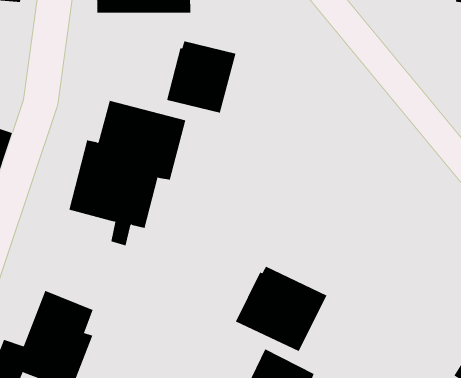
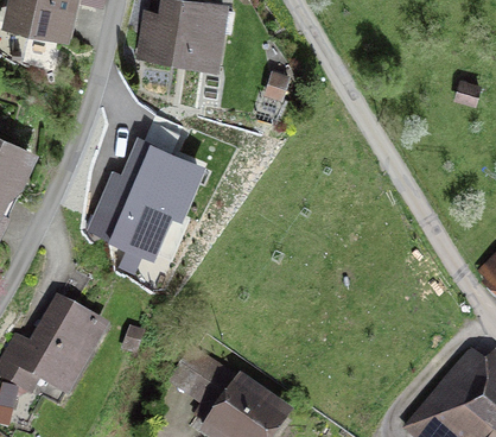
building: [166,41,236,113] -> none
building: [235,266,327,352] -> none

